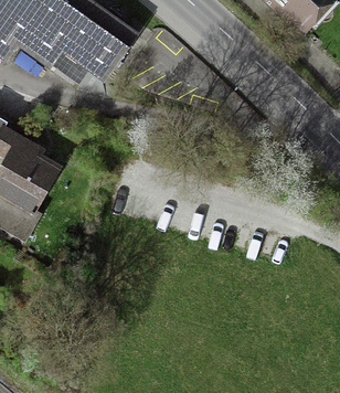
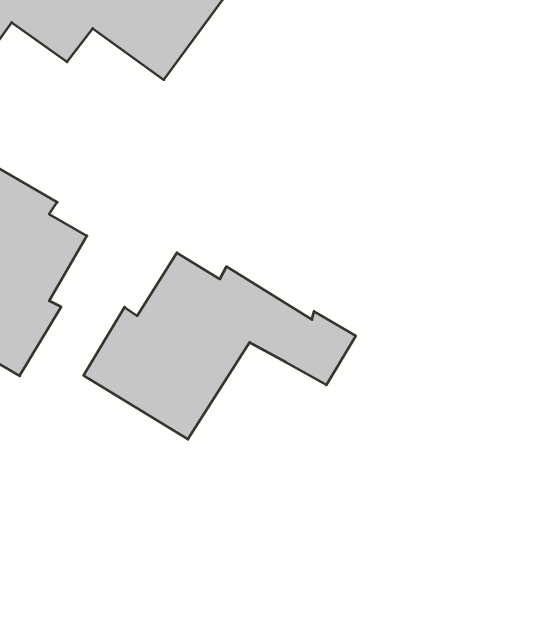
building: none -> [84,253,356,439]

